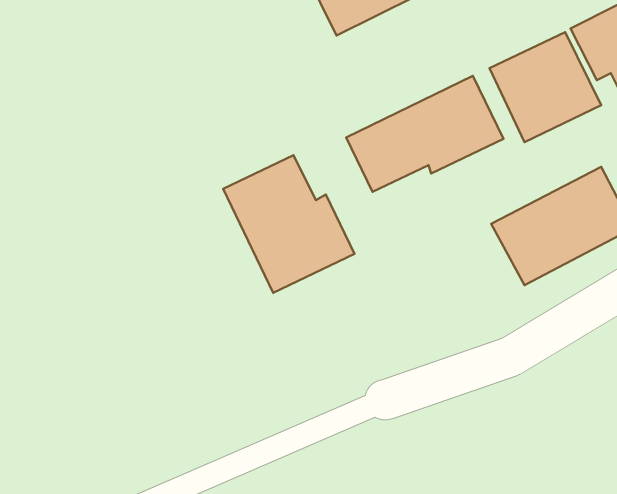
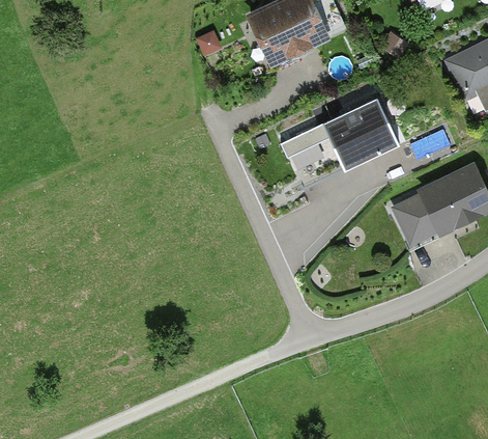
building: [490,32,601,142] -> none
building: [223,155,355,293] -> none

